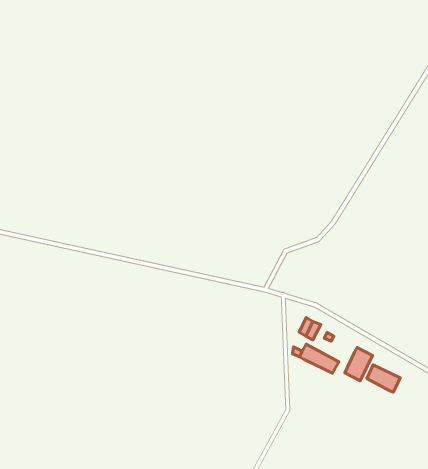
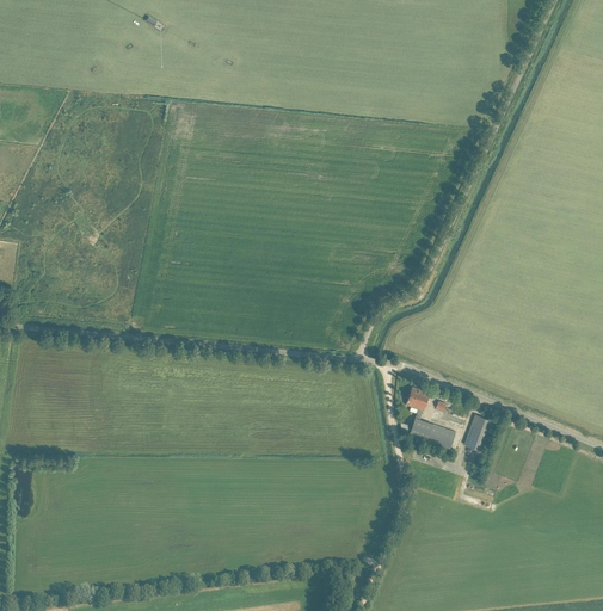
building: [367,365,400,392] -> none

